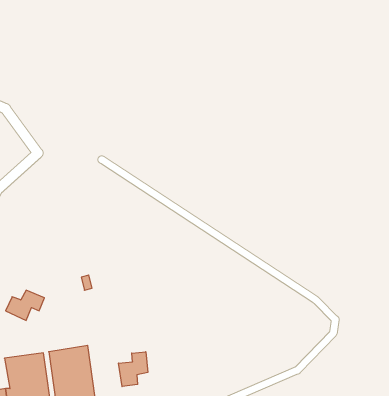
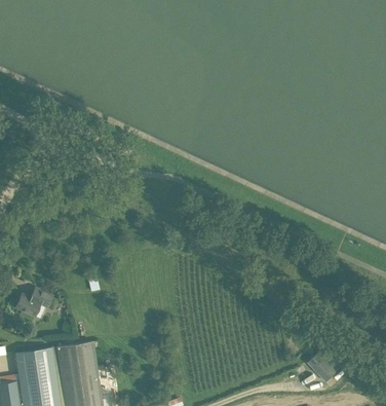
building: [119,352,148,387] -> none
building: none -> [307,350,337,381]

